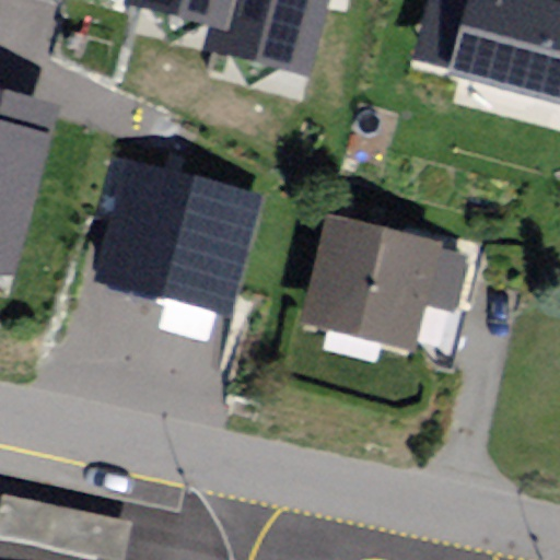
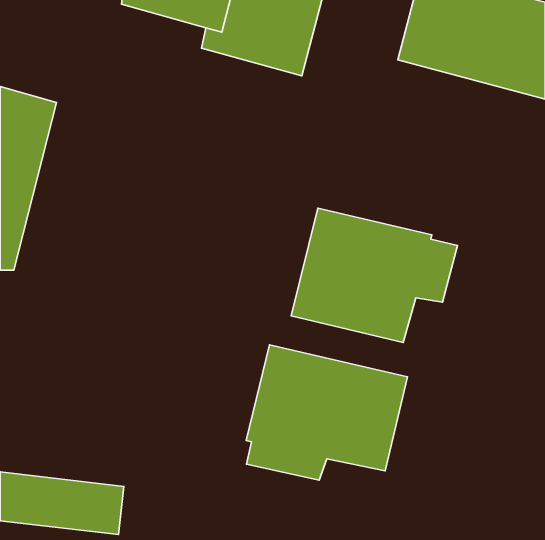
building: [95,155,264,316] -> none
building: none -> [246,345,408,480]

